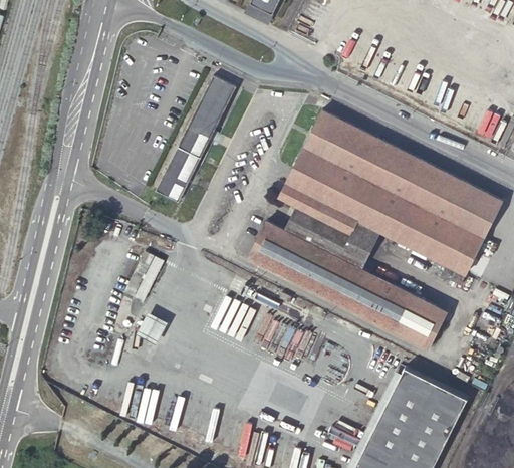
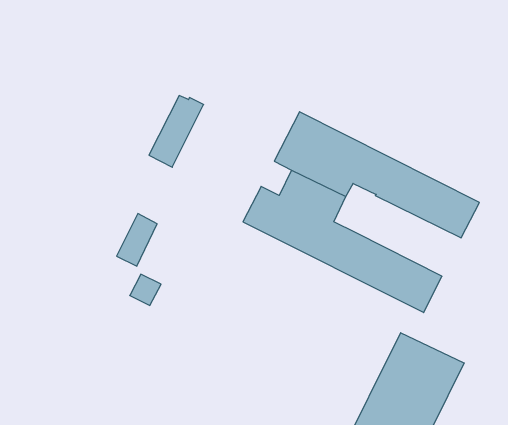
building: [185,76,236,142] -> none
building: [304,111,502,239] -> none
building: [338,220,380,269] -> none

